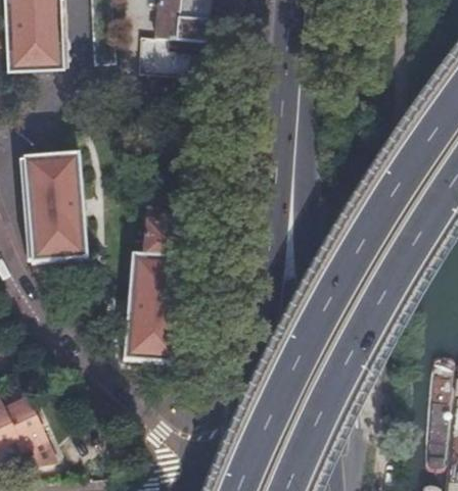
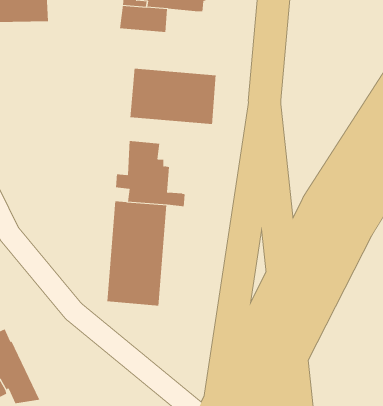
building: none -> [130,68,216,125]
building: [21,152,85,260] -> none

